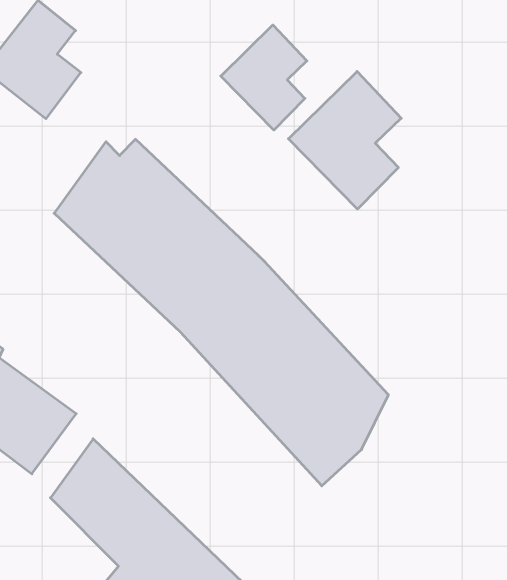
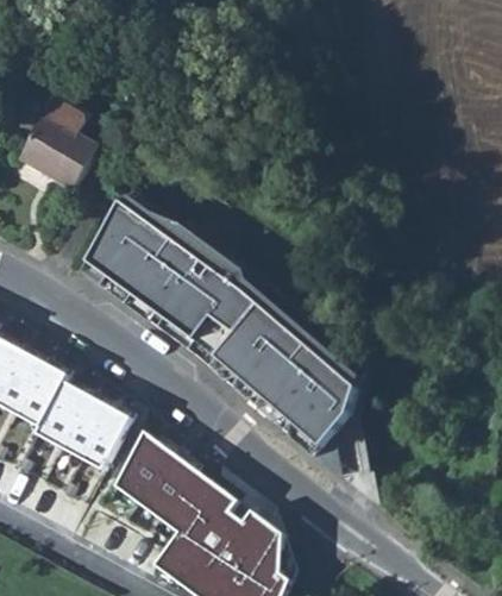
building: [221,25,307,130] -> none
building: [288,71,401,209] -> none

